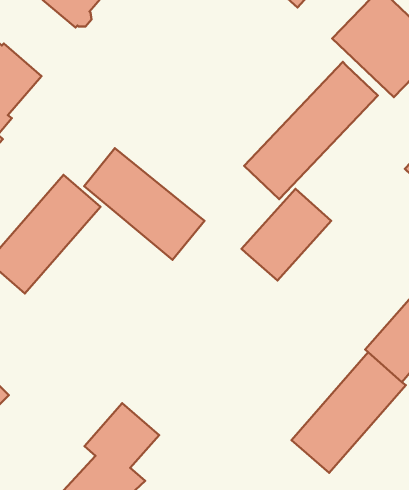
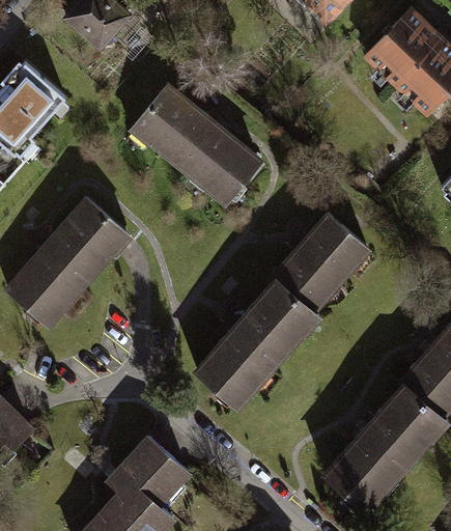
building: [244,62,378,199] -> none
building: [84,148,204,260] -> [134,88,259,204]
building: none -> [197,282,315,407]

